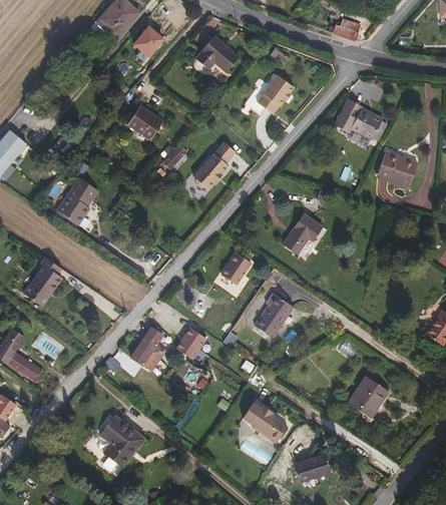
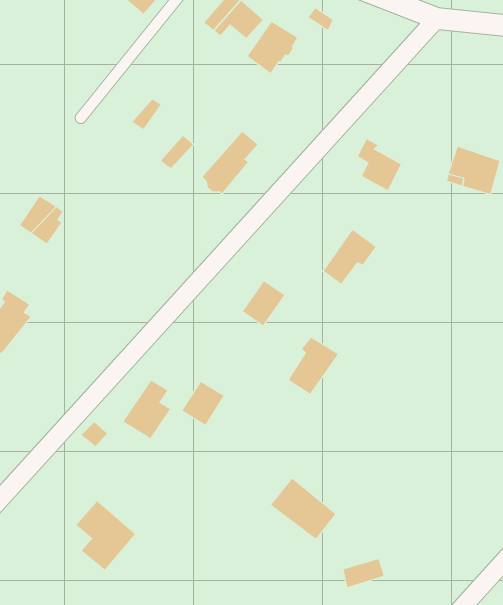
building: [258,74,296,113] -> [247,21,298,74]
building: [349,99,382,138] -> [357,139,401,191]
building: [126,104,155,132] -> none
building: [348,376,389,419] -> none

